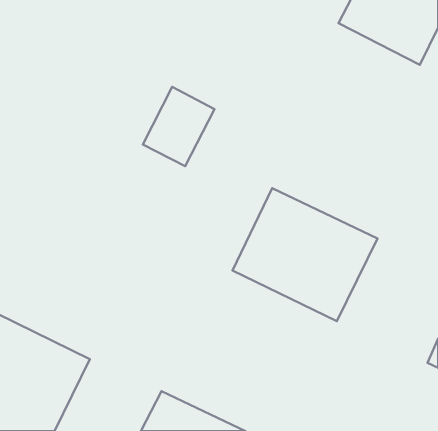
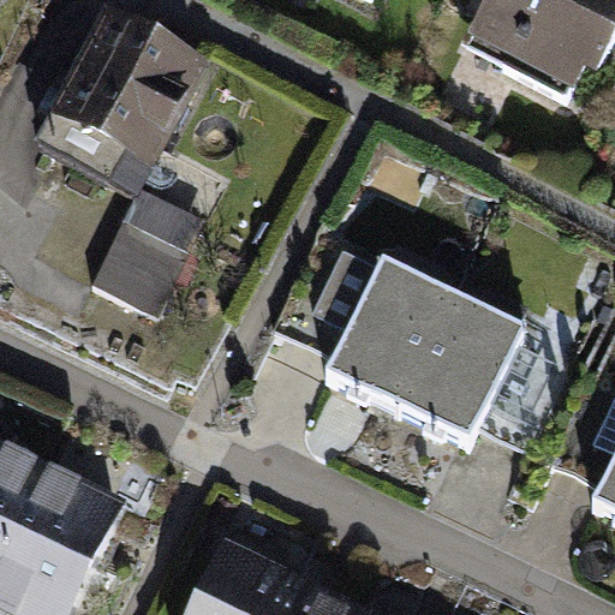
building: none -> [54,16,203,167]
building: [143,87,215,166] -> [92,198,192,309]

